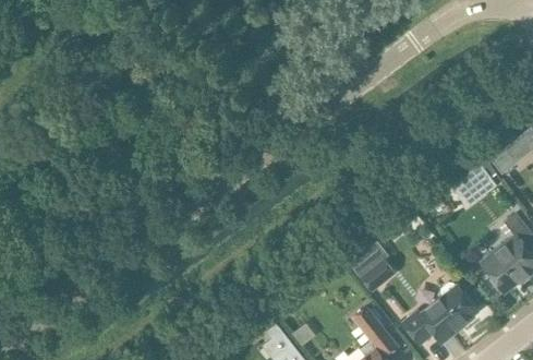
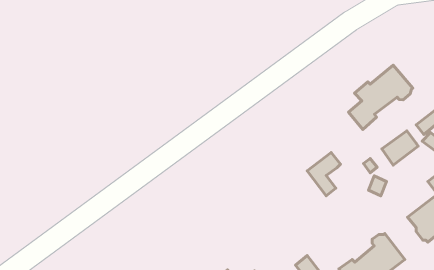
building: none -> [348,65,413,129]
building: [350,243,388,292] -> [307,153,341,196]

